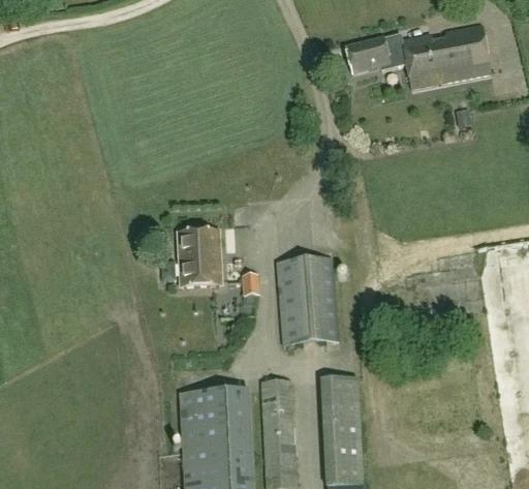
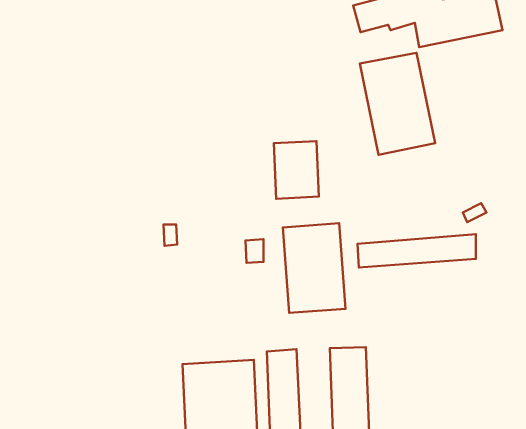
building: none -> [360,53,435,155]
building: [178,228,221,284] -> [274,141,319,199]
building: none -> [358,234,476,268]

